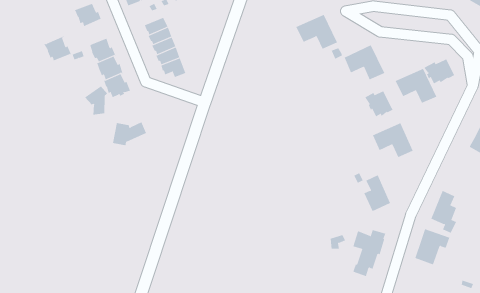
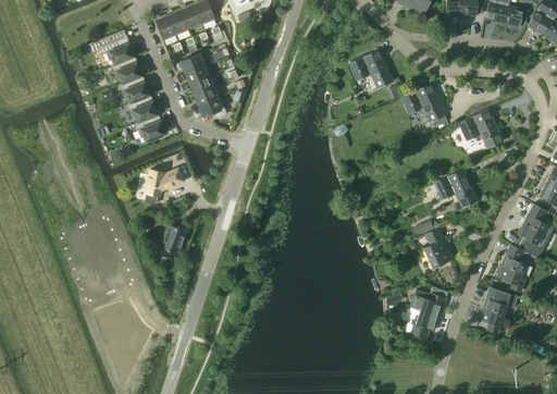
building: [43,36,72,61] -> [110,54,141,83]
building: [424,58,456,84] -> none
building: [84,85,108,115] -> none
building: [365,90,394,117] -> none
building: none -> [517,204,546,245]
building: none -> [160,224,187,256]

